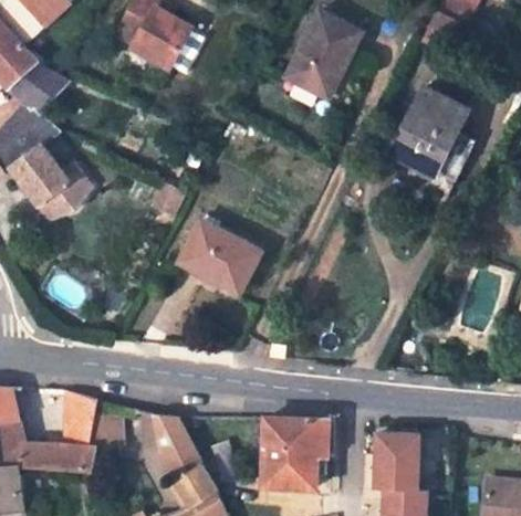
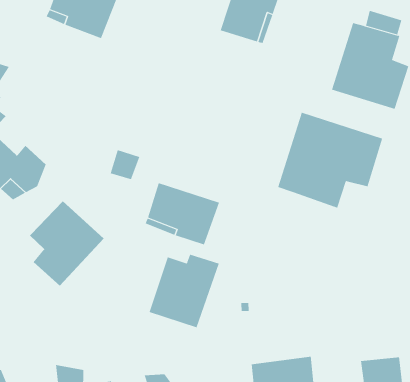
building: none -> [277,112,383,208]
building: none -> [29,201,104,287]
building: none -> [149,254,219,328]

